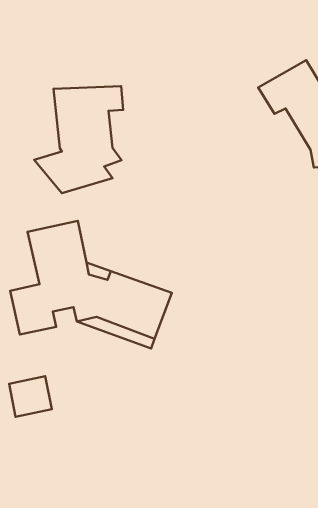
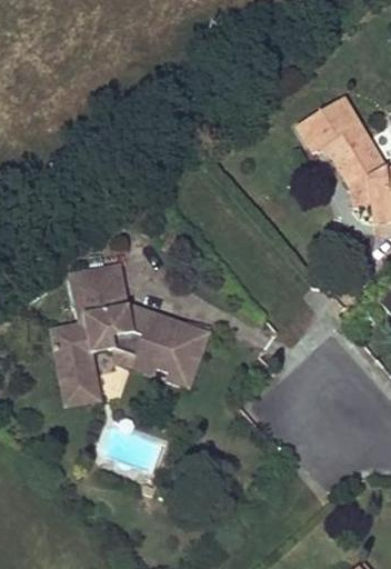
building: [34,86,123,193] -> none
building: [9,376,52,417] -> [57,367,100,408]

